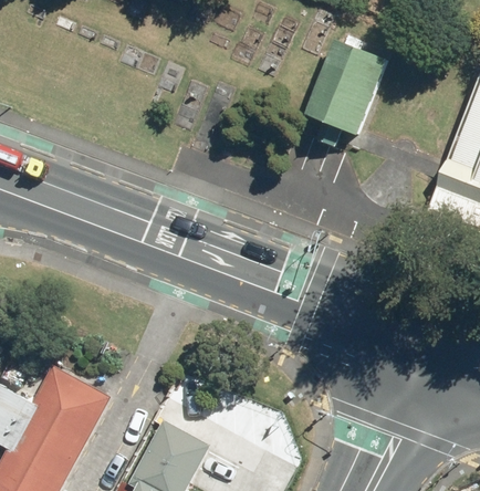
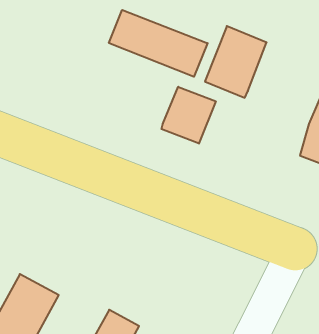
building: none -> [109,10,208,77]
building: none -> [161,87,216,144]

